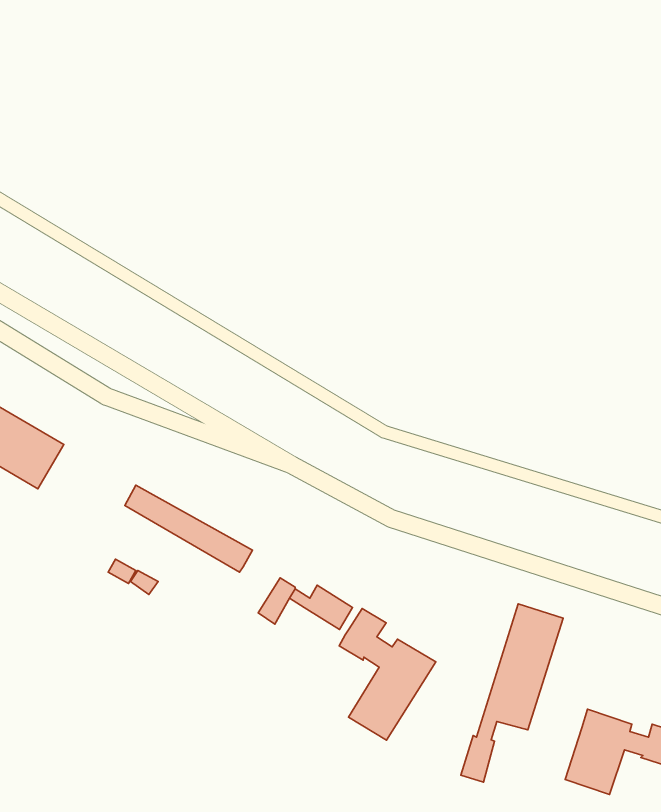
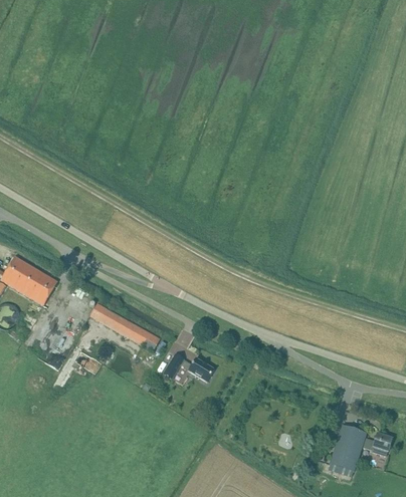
building: [461,604,563,782] -> none
building: [339,608,436,740] -> none

